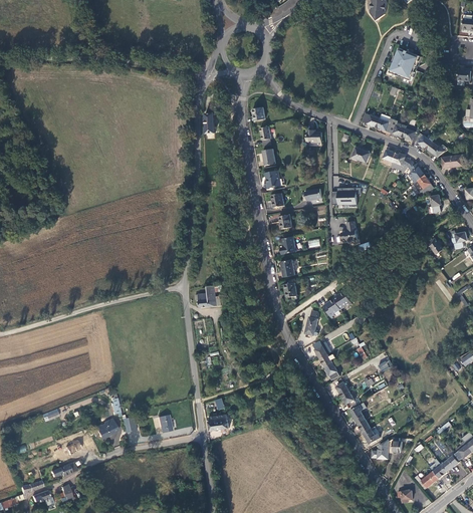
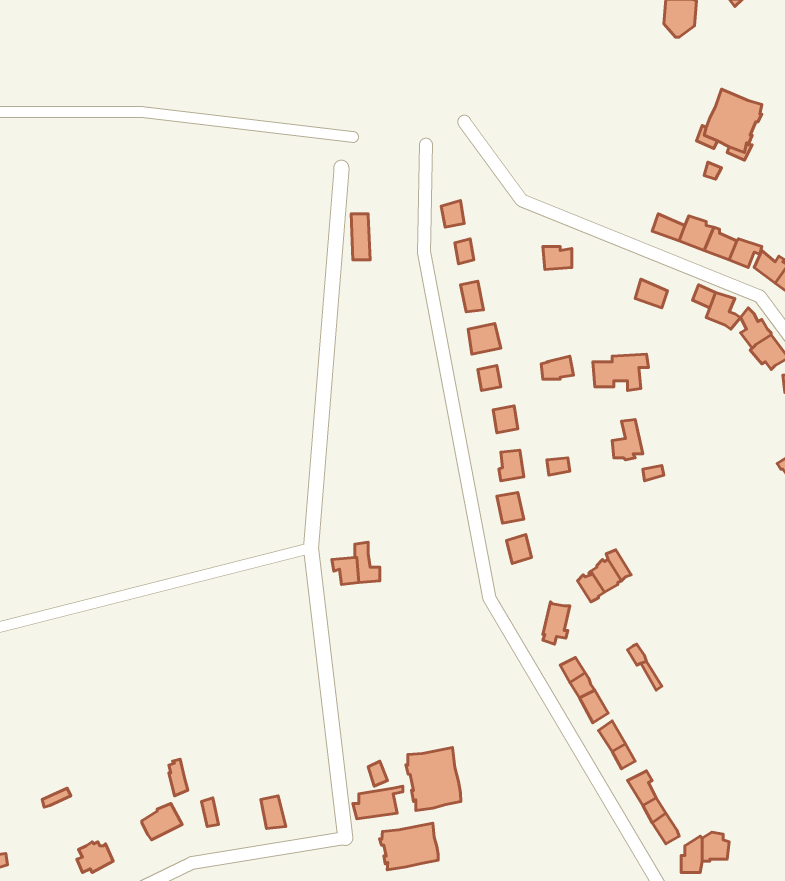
building: none -> [406,747,461,811]
building: none -> [380,823,438,870]

